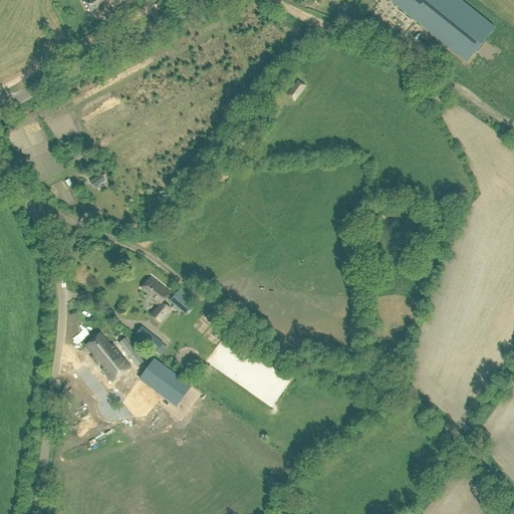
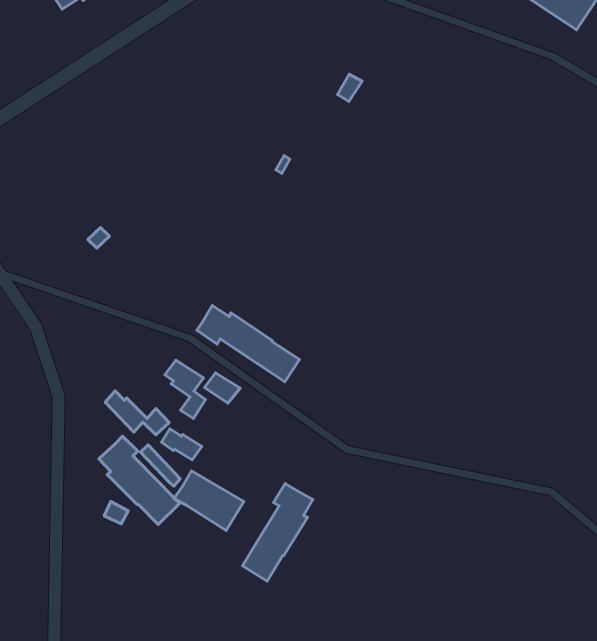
building: none -> [197,306,300,382]
building: none -> [105,391,169,435]
building: none -> [242,484,313,581]

